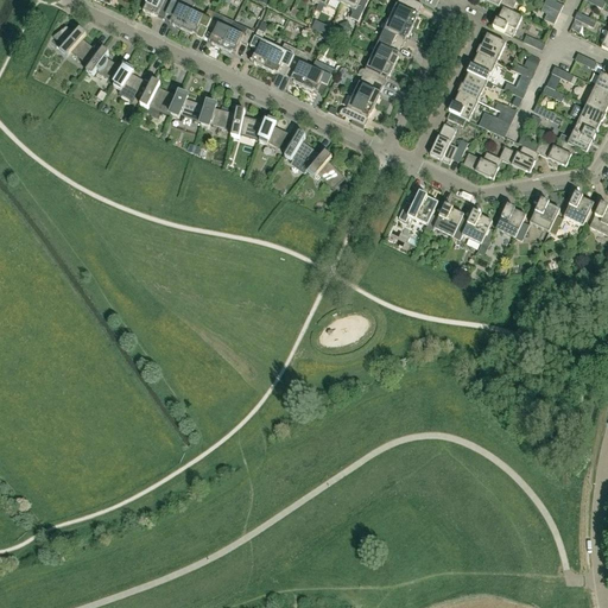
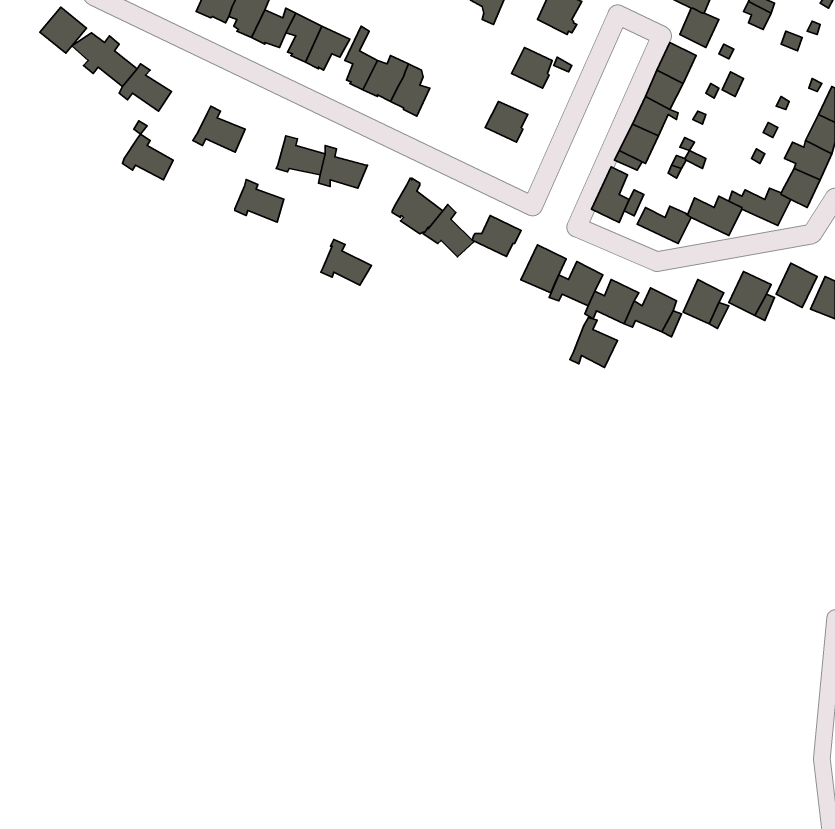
building: none -> [40,7,87,53]
building: [381,14,412,44] -> none
building: [357,53,394,83] -> none
building: [114,63,151,96] -> [123,134,173,180]
building: [303,64,335,93] -> none
building: [171,89,207,120] -> [235,180,284,222]
building: [340,93,375,122] -> [472,216,521,257]
building: [259,115,296,148] -> [321,239,371,285]
building: none -> [521,245,566,293]
building: none -> [570,317,617,368]

